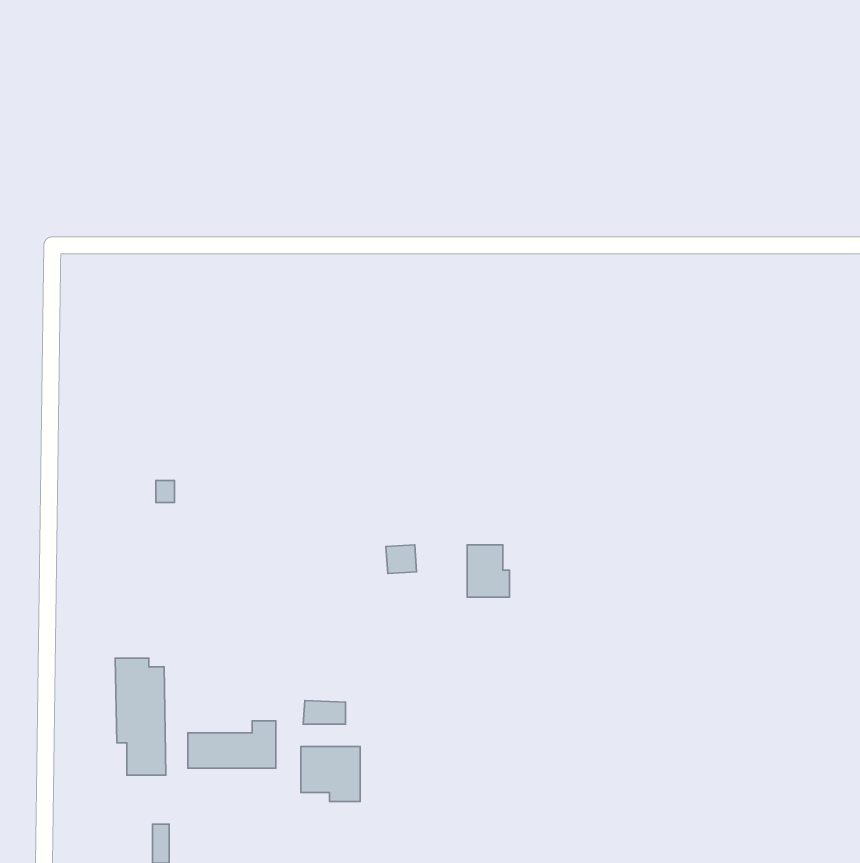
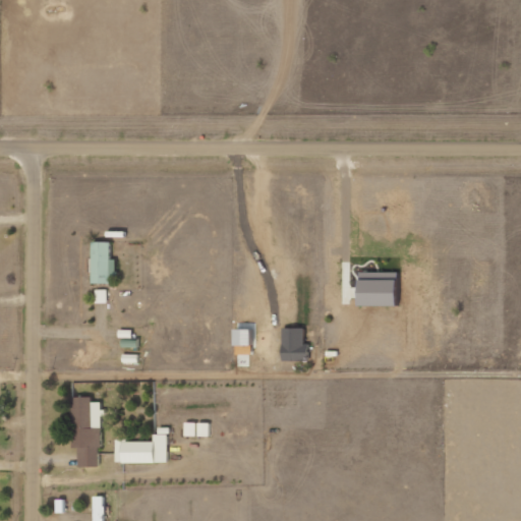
building: none -> [90,241,114,283]
building: none -> [356,271,396,305]
building: [301,746,360,801] -> none

